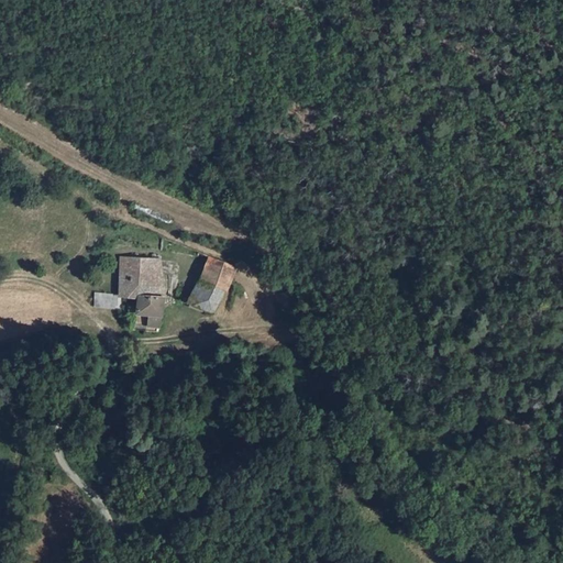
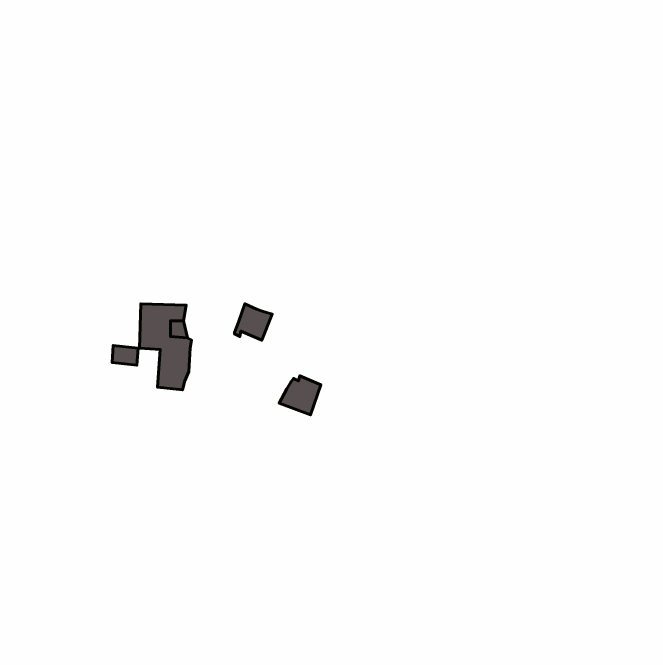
building: [188,279,223,312] -> [279,376,321,415]

